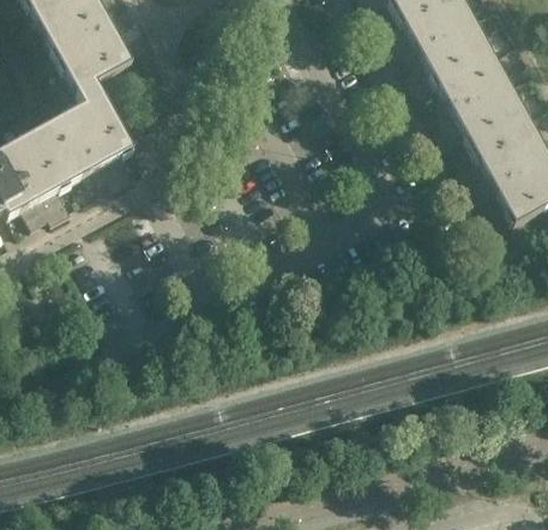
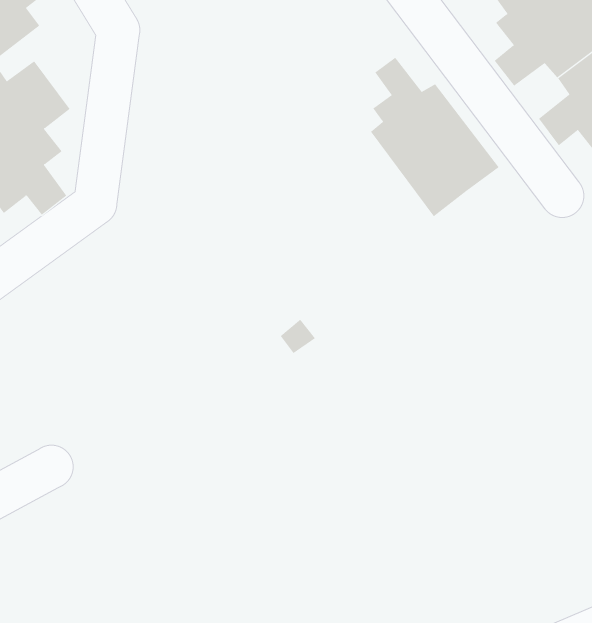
building: none -> [370,57,499,217]

